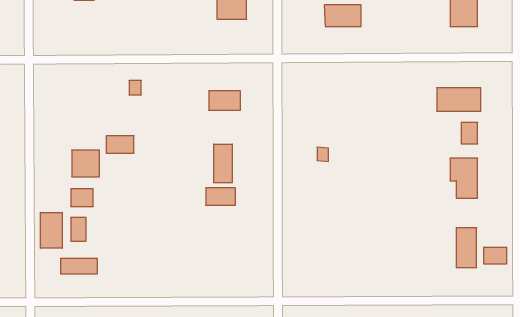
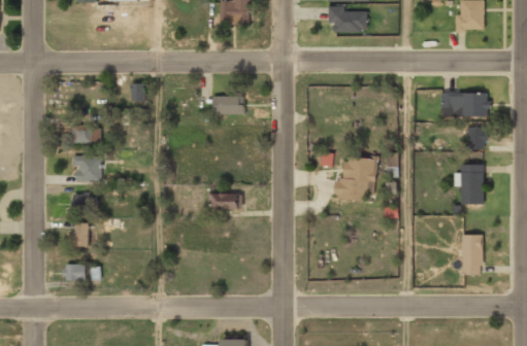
building: [106,136,134,153] -> [71,126,99,143]
building: [214,144,232,183] -> none
building: none -> [337,153,377,202]
building: [40,212,62,248] -> none
building: [484,247,506,264] -> none

